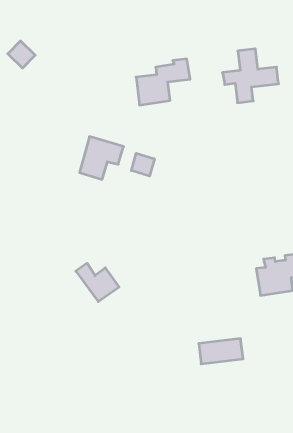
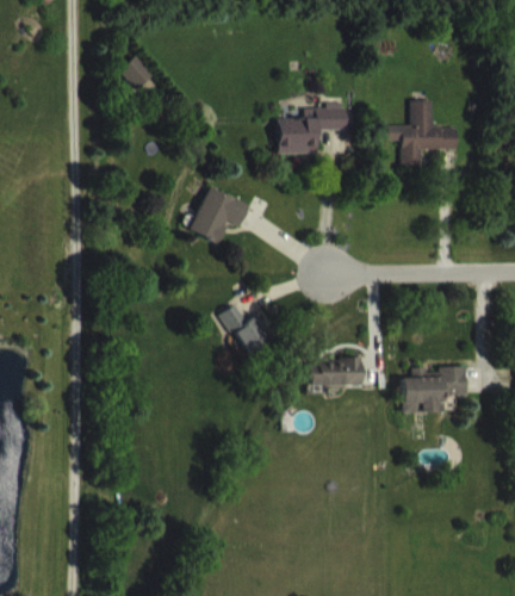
building: [131,153,154,176] -> none
building: [76,263,119,302] -> [222,304,274,354]
building: [199,339,243,364] -> [309,359,362,385]

